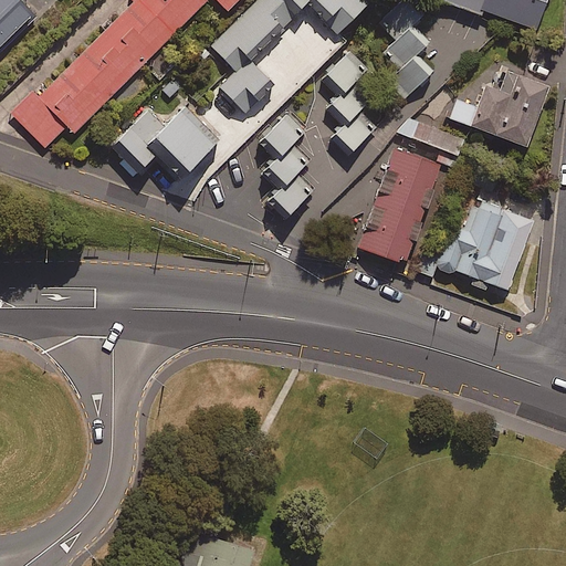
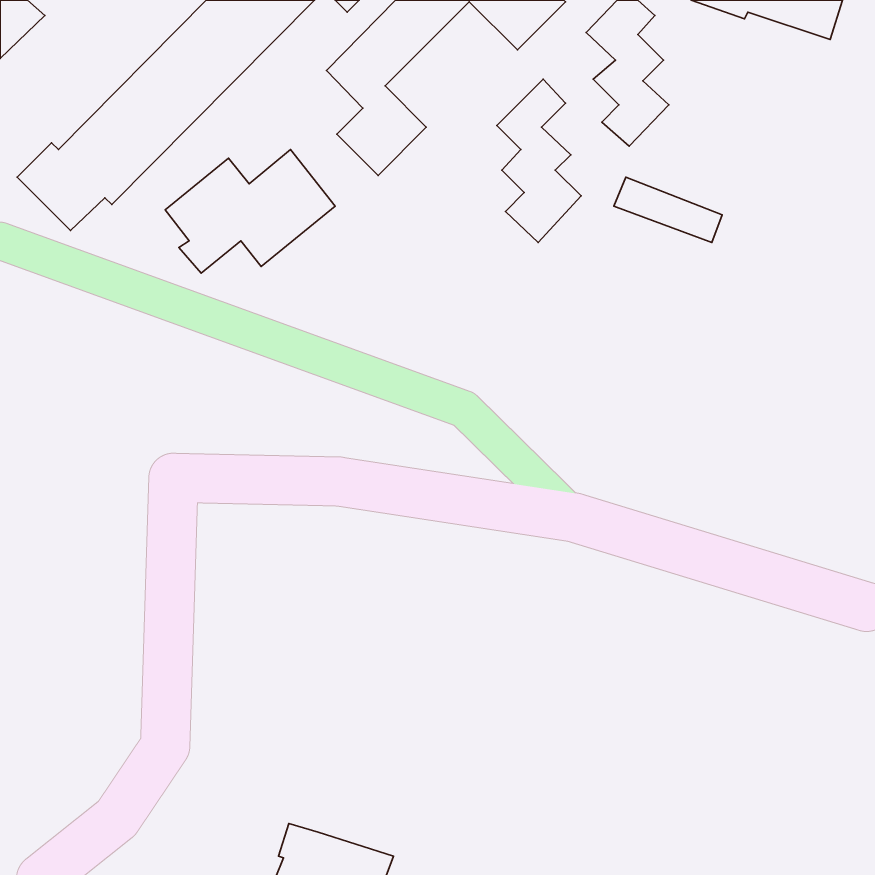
building: [451,67,547,144] -> none
building: [264,113,312,212] -> none
building: [358,146,442,262] -> none
building: [433,200,535,291] -> none

